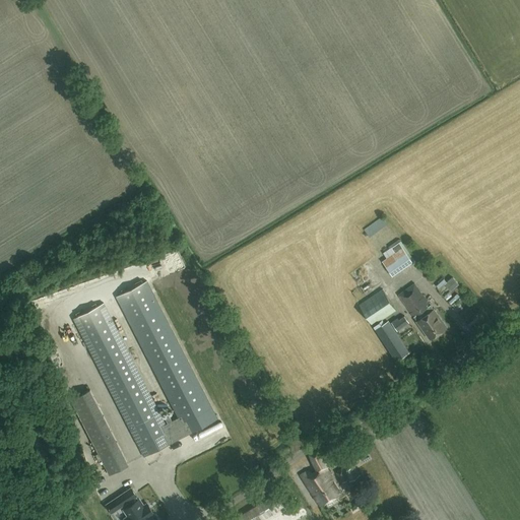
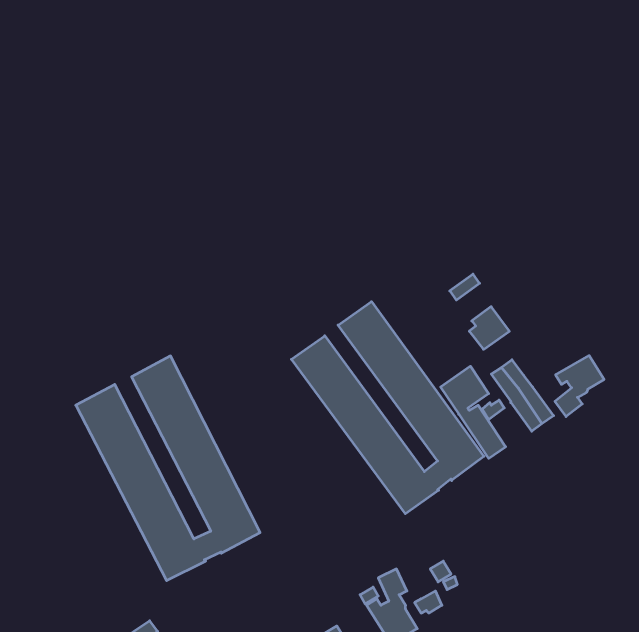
building: none -> [291,302,484,514]
building: none -> [555,356,604,417]
building: [70,391,127,475] -> none

